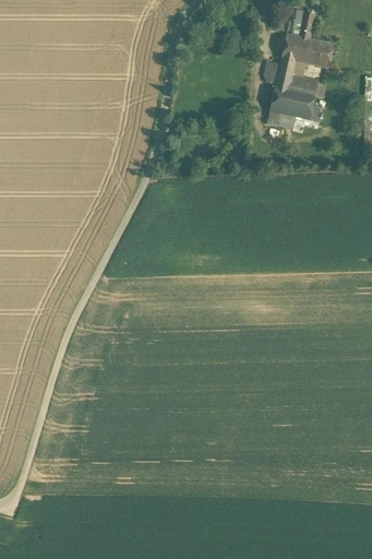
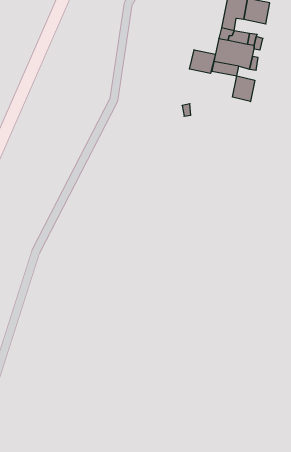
building: none -> [189,50,215,73]
building: none -> [233,76,255,102]

